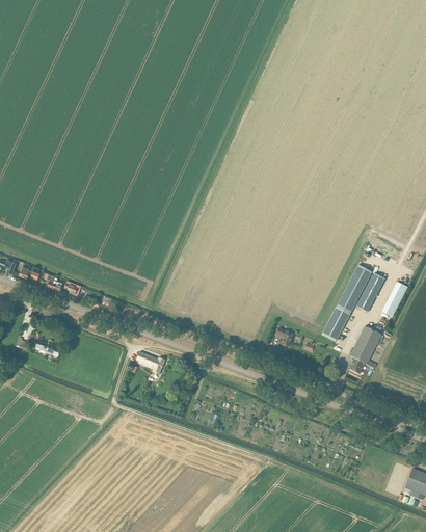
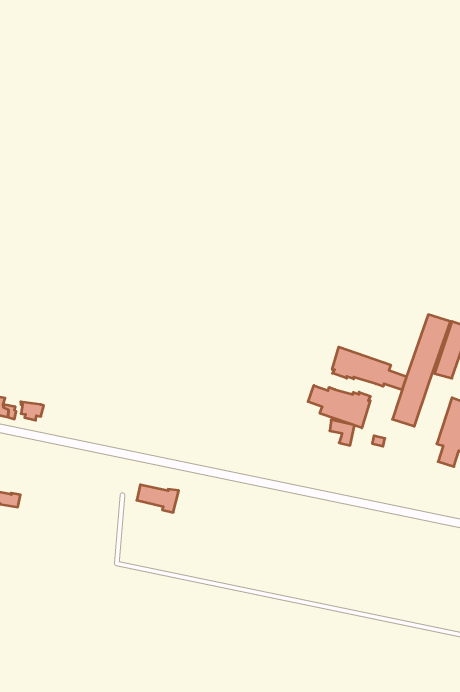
building: none -> [332,347,407,390]
building: none -> [308,385,370,428]

